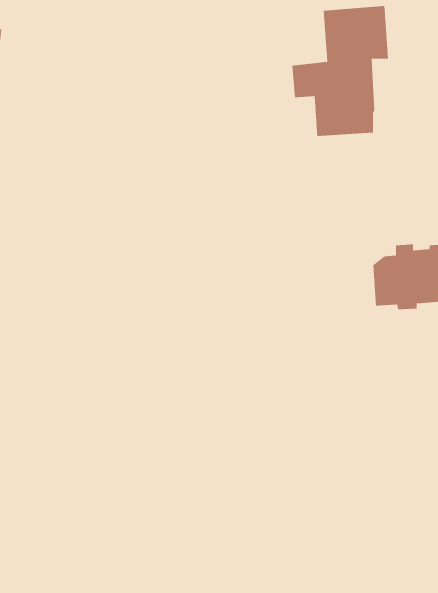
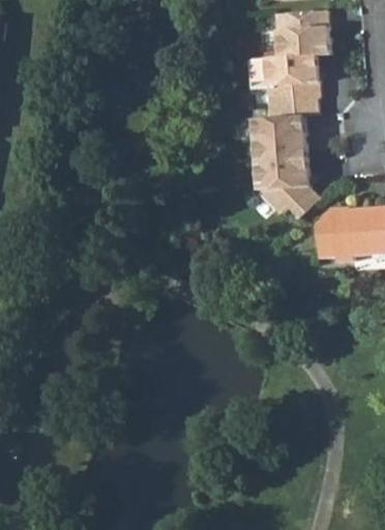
building: none -> [250,113,320,217]

